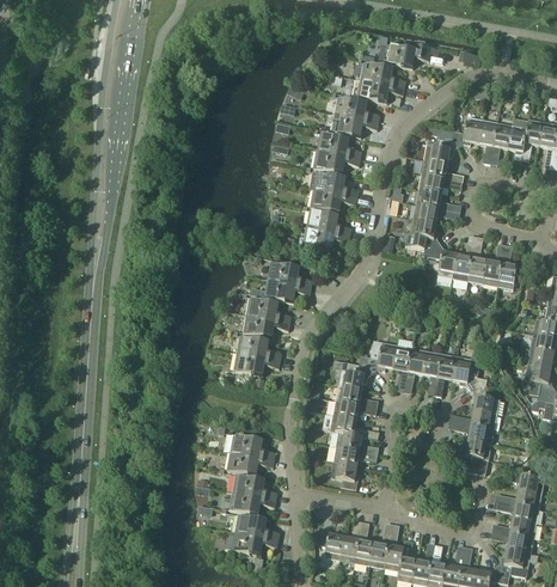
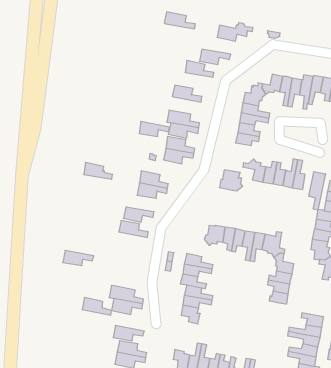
building: [359,61,405,86] -> [164,12,195,29]
building: [332,114,378,136] -> none
building: [314,149,360,172] -> [139,121,170,137]
building: [404,219,439,250] -> [219,170,243,191]
building: none -> [309,172,325,210]
building: [247,296,290,322] -> [84,162,113,179]
building: [233,351,280,374] -> [63,250,94,266]
building: [338,355,372,389] -> none
building: [232,473,276,500] -> [82,298,112,315]

